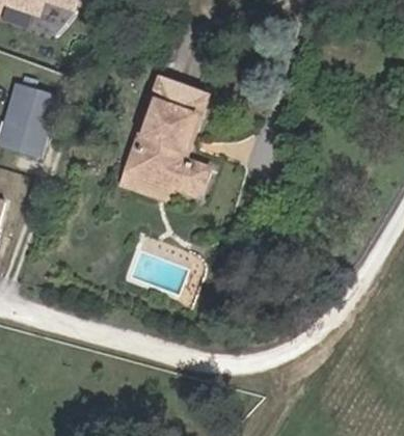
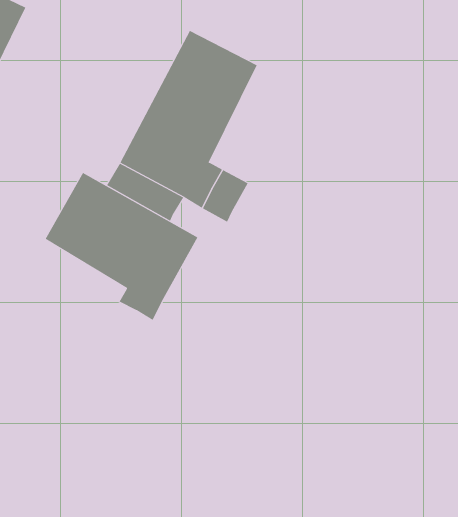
building: none -> [45,172,198,321]

